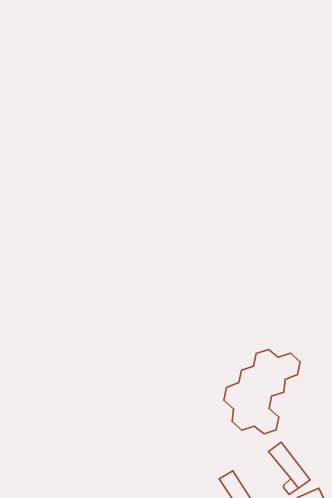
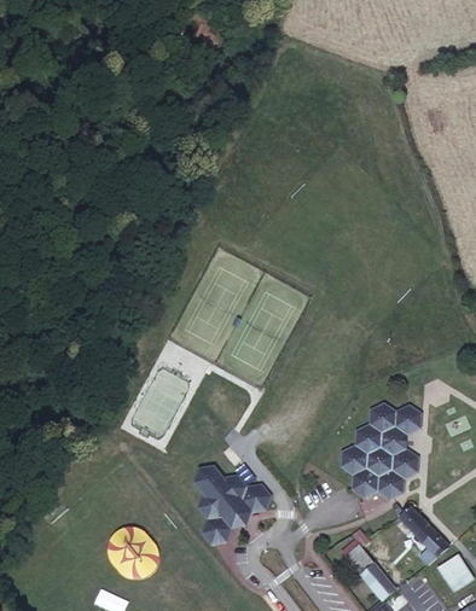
building: none -> [193,466,271,545]
building: none -> [393,449,419,478]

